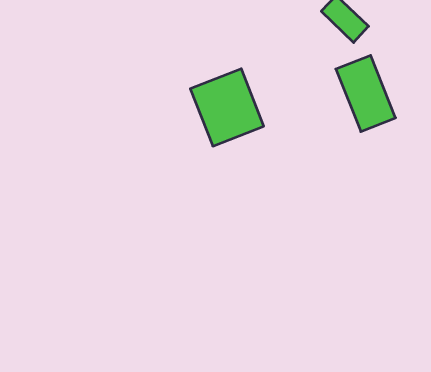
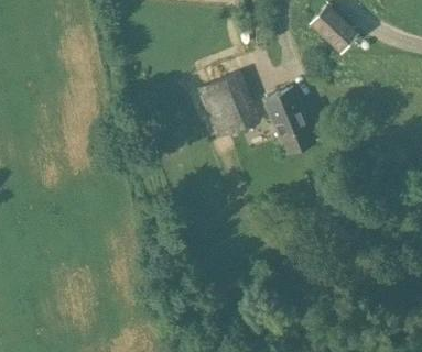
building: [336,55,396,132] -> [263,88,316,155]

